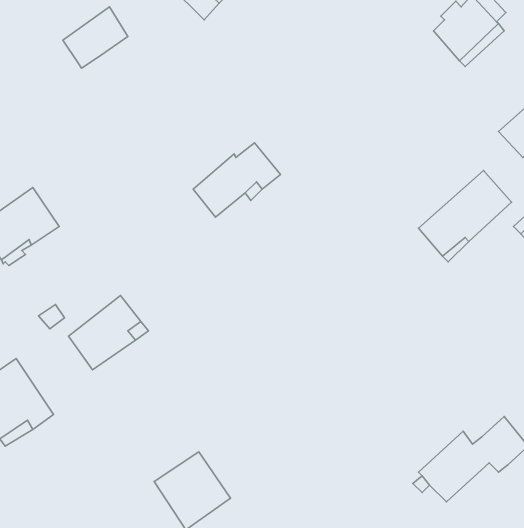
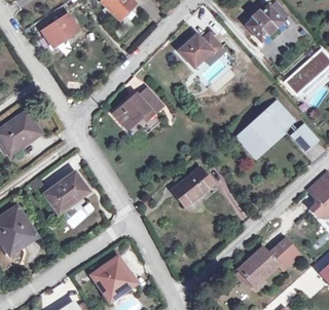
building: none -> [180,34,220,66]
building: none -> [174,166,213,205]

